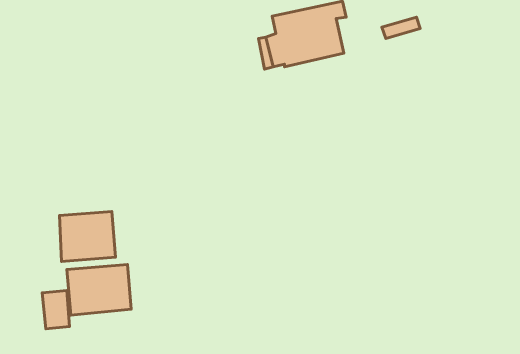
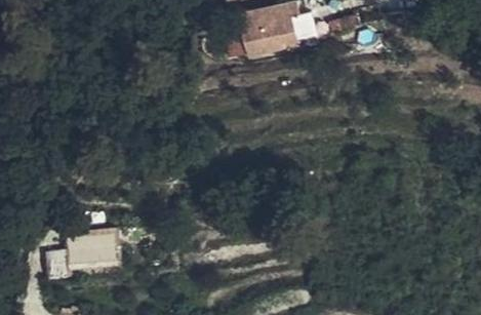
building: [59,211,115,262] -> none

